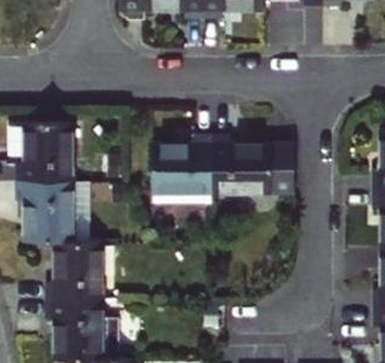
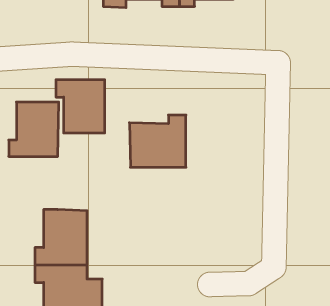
building: [211,138,293,195] -> none
building: [17,183,70,242] -> [56,80,105,133]

